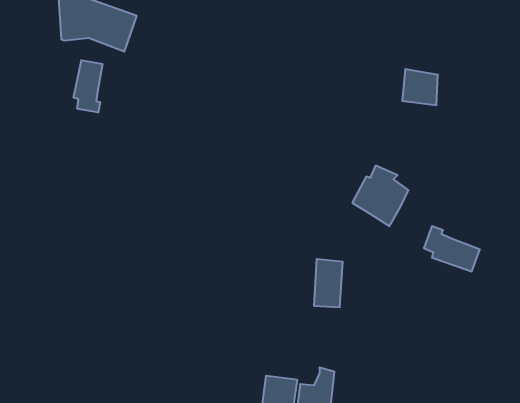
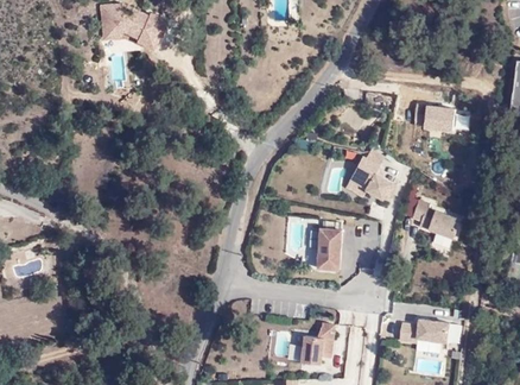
building: [74,60,102,113] -> none
building: [402,69,438,105] -> [424,106,455,137]
building: none -> [399,321,450,345]

